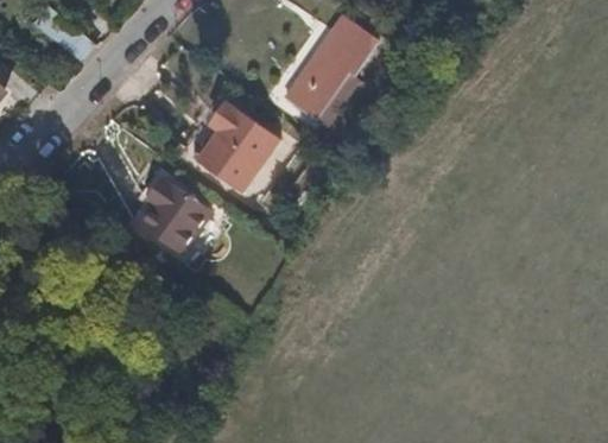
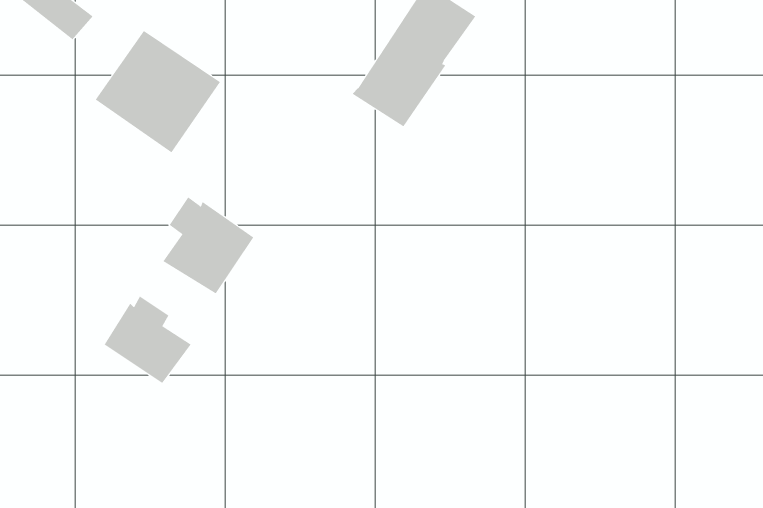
building: [183,96,278,189] -> [95,30,221,153]
building: none -> [104,296,191,384]

